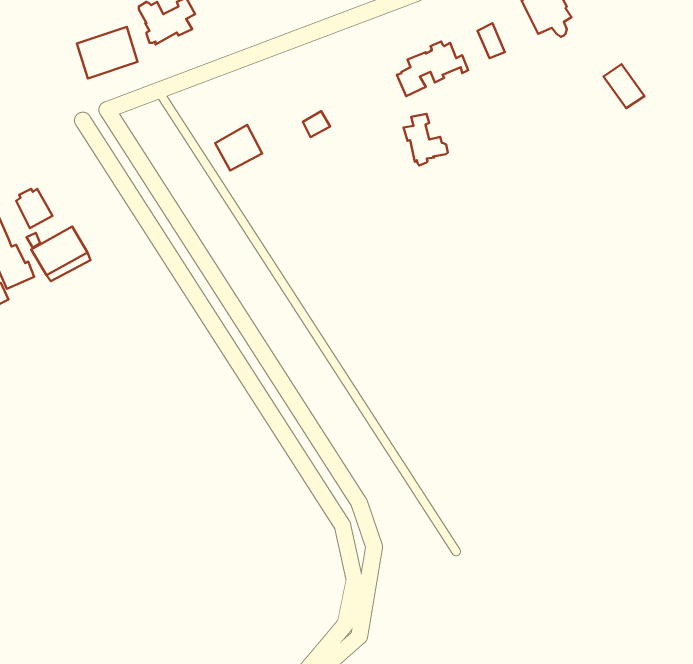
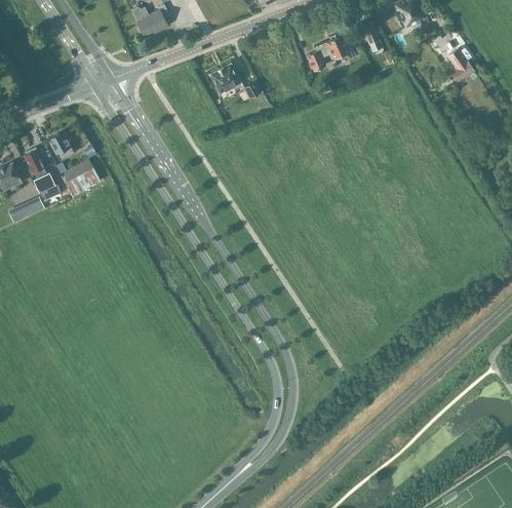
building: [77,27,138,78] -> none
building: [404,114,448,165] -> none
building: [215,125,262,170] -> [209,63,241,93]

